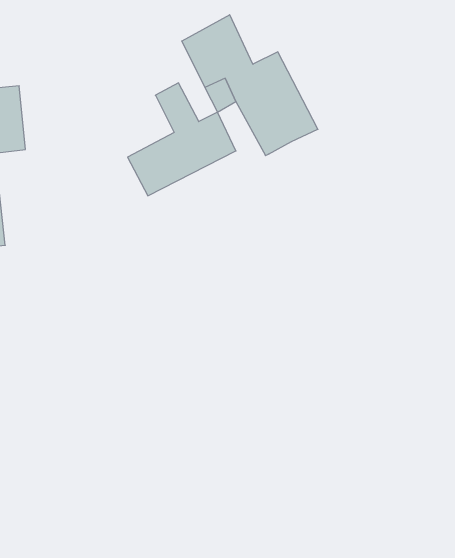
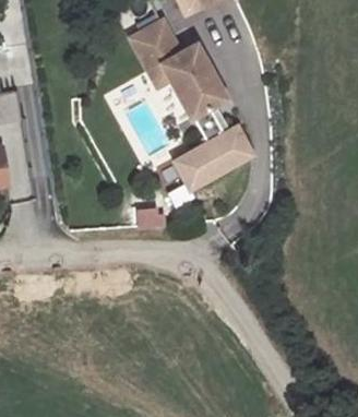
building: [128,83,236,196] -> [175,112,251,192]

